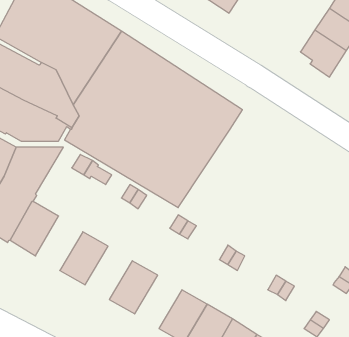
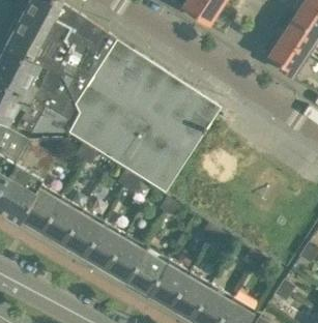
building: none -> [41,200,82,246]
building: none -> [84,226,124,271]
building: none -> [126,251,167,296]

